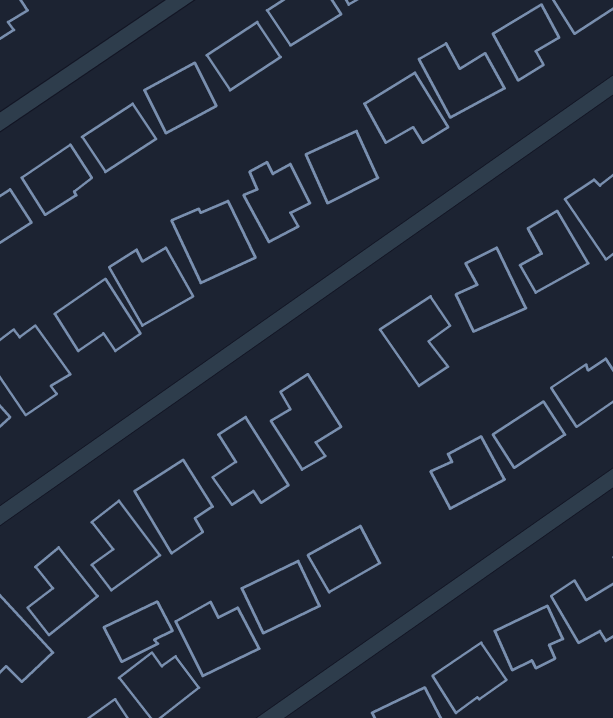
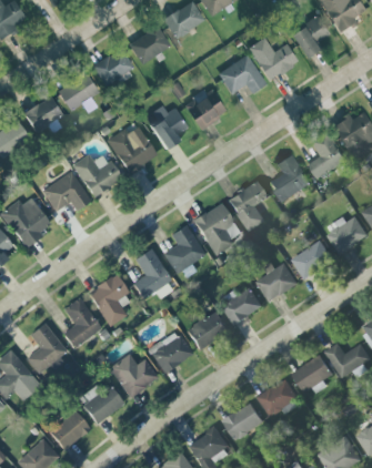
building: none -> [193,202,242,255]
building: none -> [222,288,263,326]
building: [104,602,172,662] -> none

